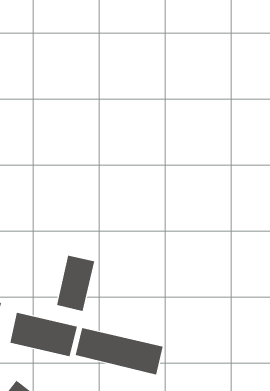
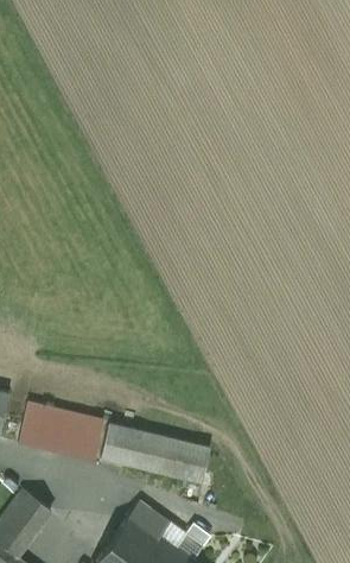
building: [56,255,95,312] -> none

